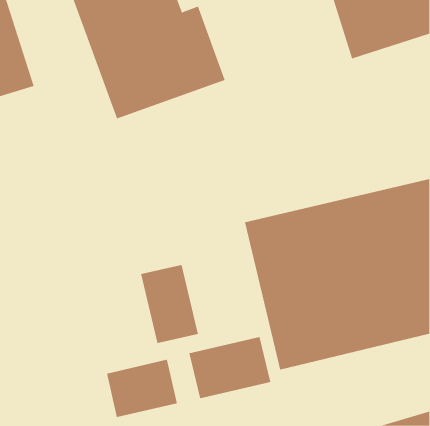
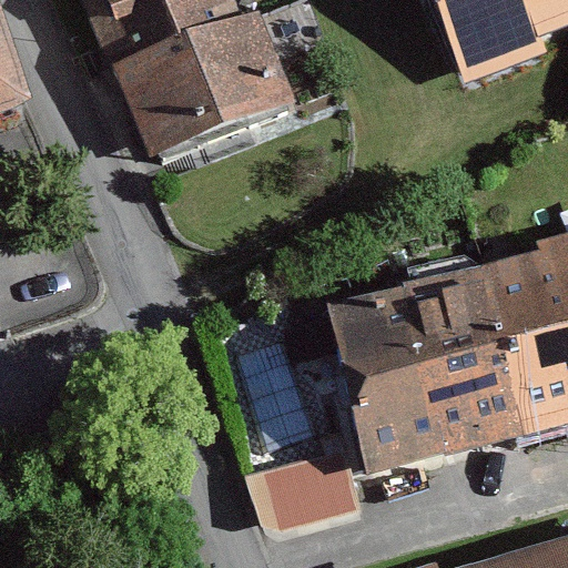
building: [140,264,198,344] -> none
building: [106,359,177,418] -> none

